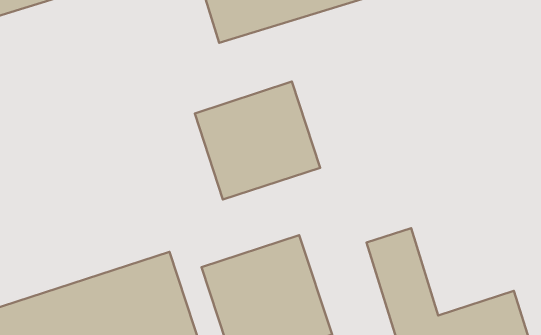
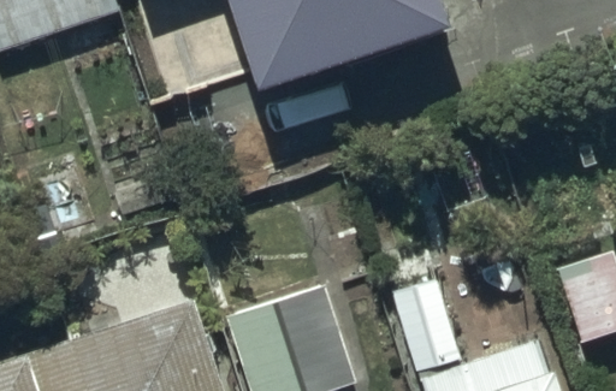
building: [195,81,320,199] -> none

